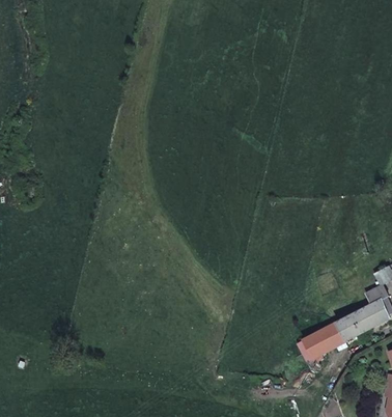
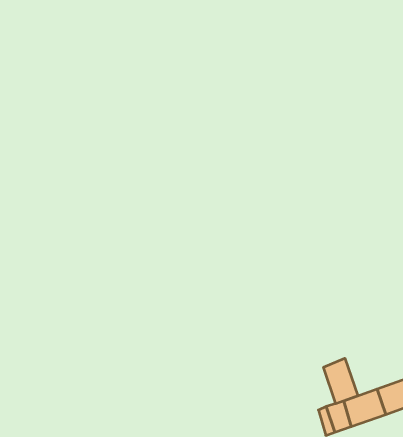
building: none -> [324,358,358,404]

